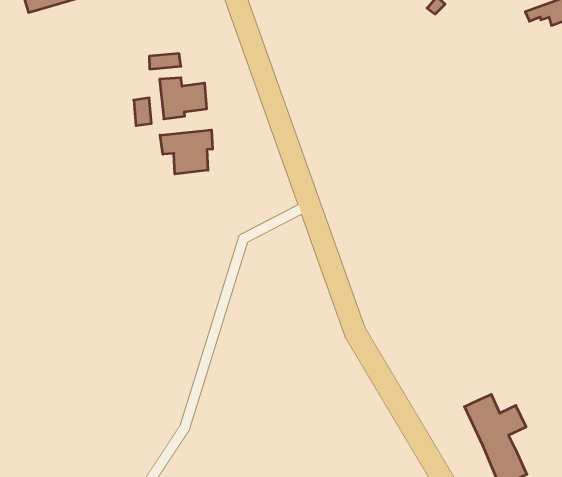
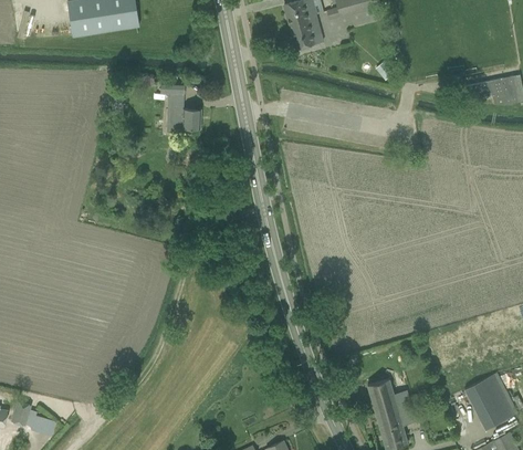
building: [160,130,212,174] -> none

